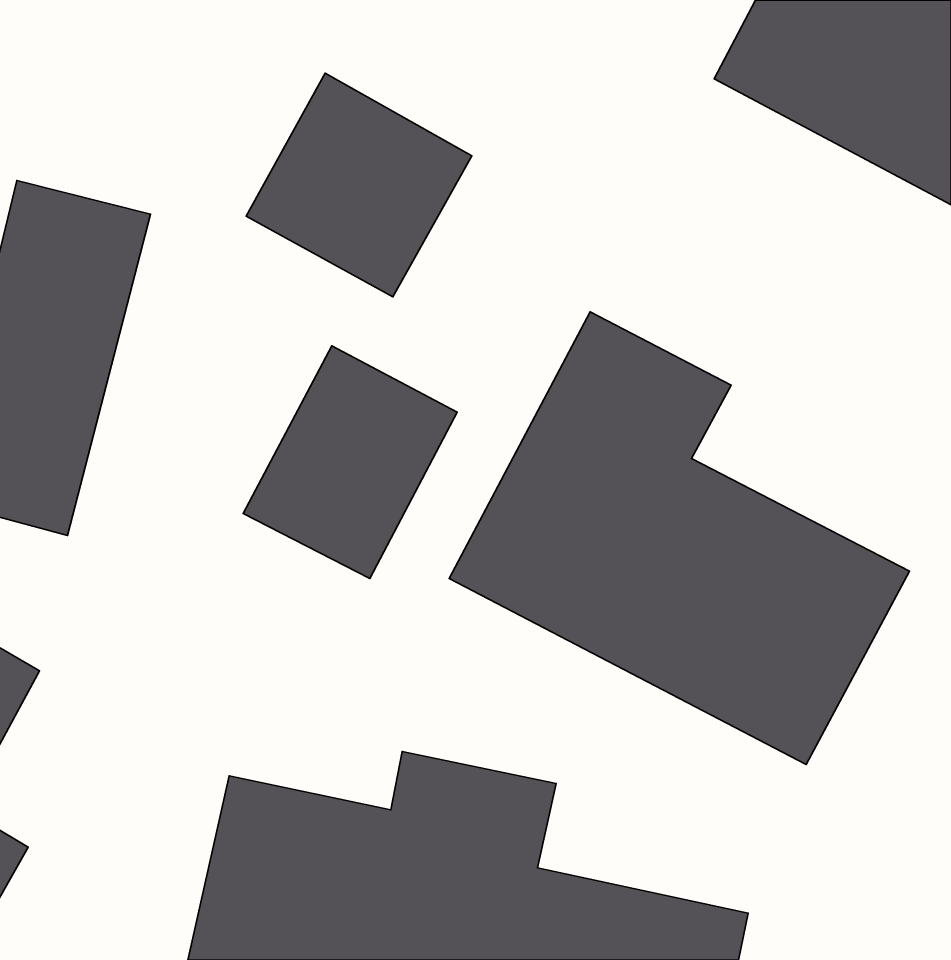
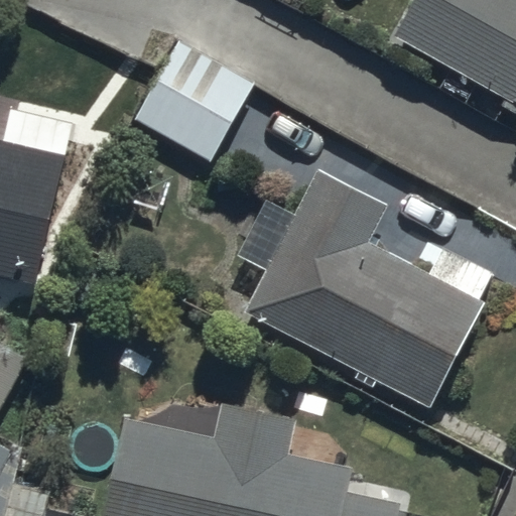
building: [243,346,457,578] -> none

